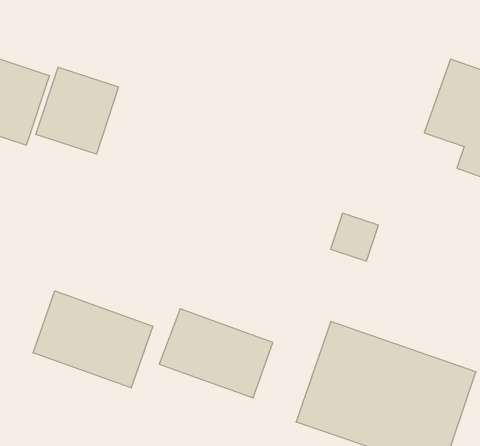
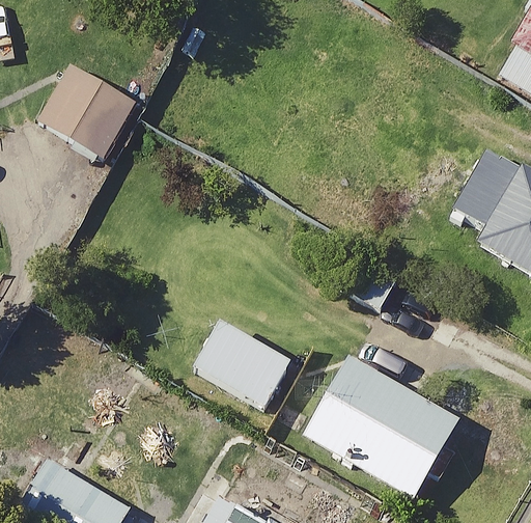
building: [36,67,119,154] -> none
building: [33,291,153,388] -> none

